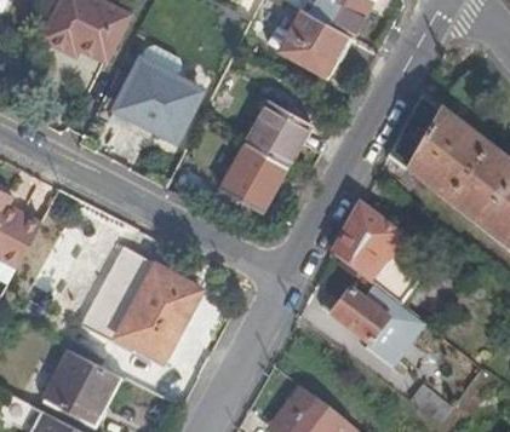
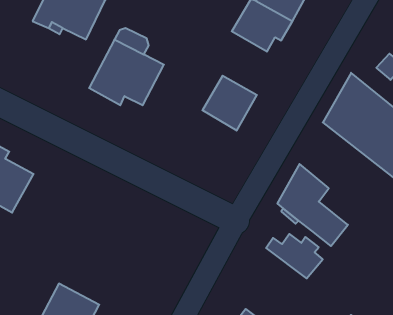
building: [218,144,286,214] -> none
building: [88,249,210,364] -> none
building: [365,288,424,370] -> none

